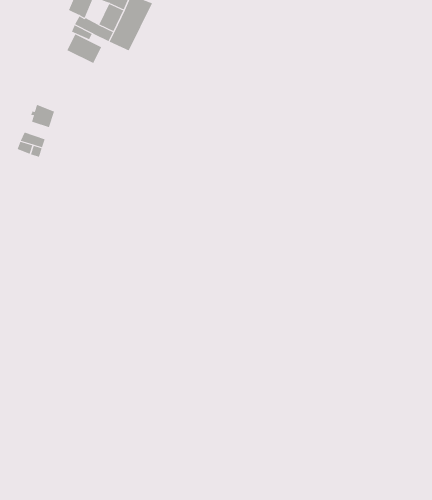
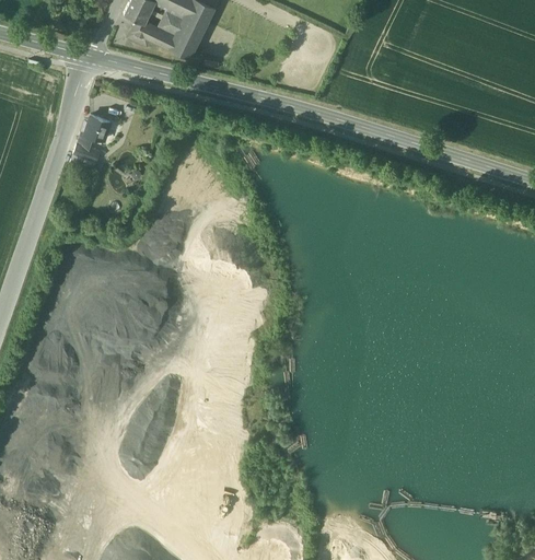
building: [67,34,102,64] -> none

